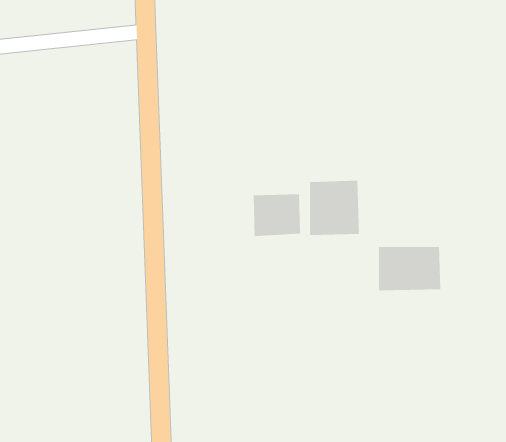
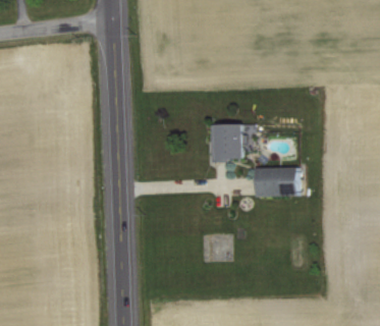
building: [253,194,300,237] -> none

